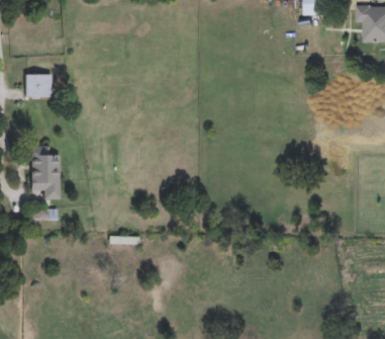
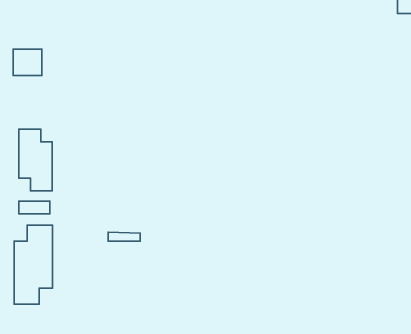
building: none -> [14,225,52,304]

